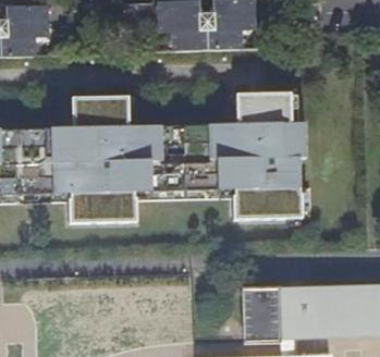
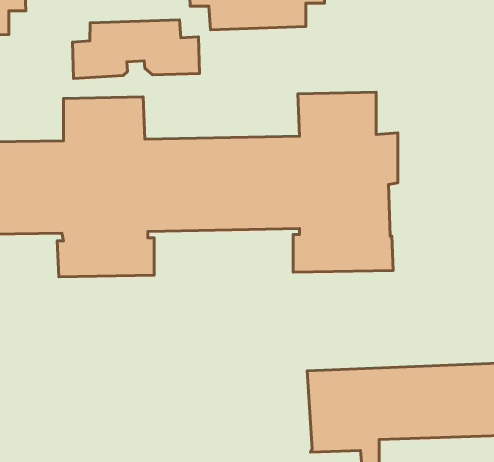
building: none -> [72,20,200,79]

